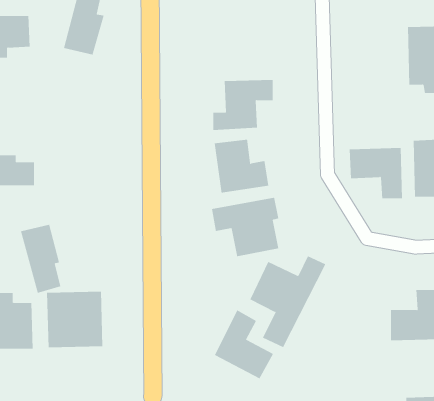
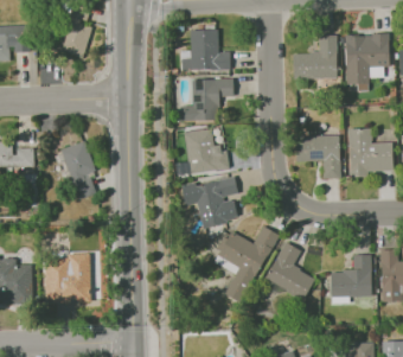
building: none -> [181,30,230,70]
building: none -> [293,34,338,78]
building: [20,224,61,294] -> [62,141,96,199]
building: [214,310,274,379] -> [266,241,315,299]

